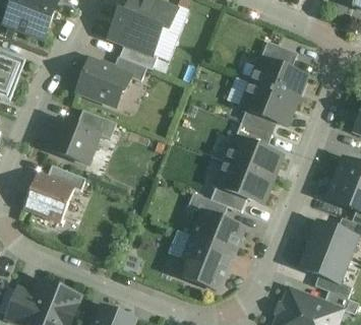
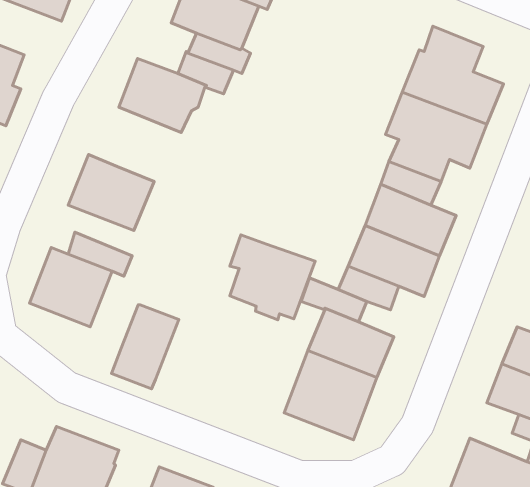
building: [76,110,116,139] -> none
building: none -> [230,235,315,320]
building: none -> [112,305,179,389]

